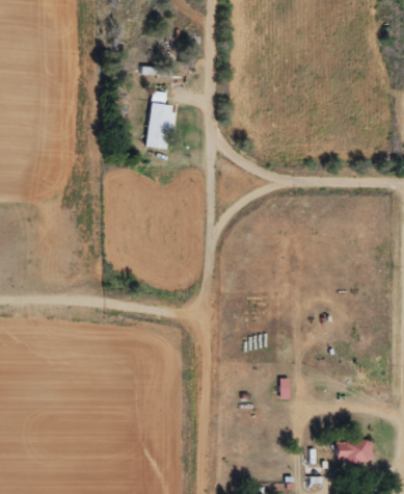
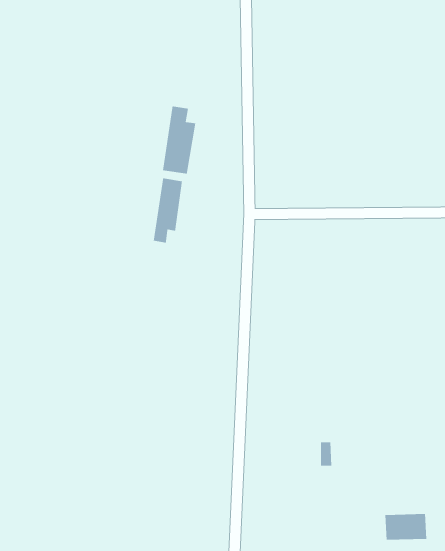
building: none -> [153,178,182,243]

